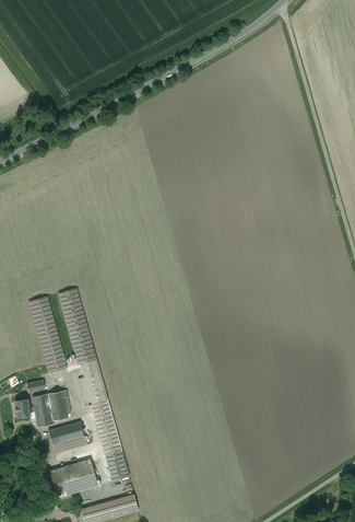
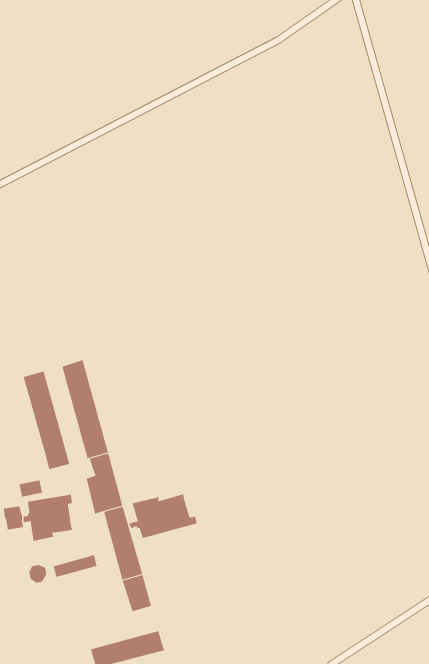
building: none -> [128,493,198,539]
building: [48,421,84,445] -> none
building: [47,459,97,498] -> none

